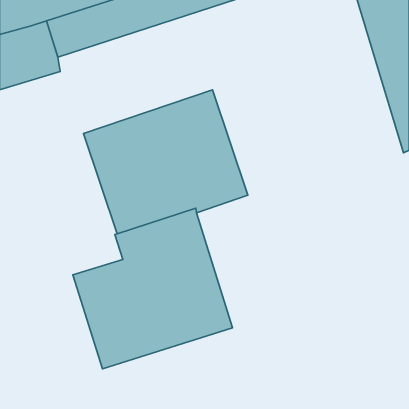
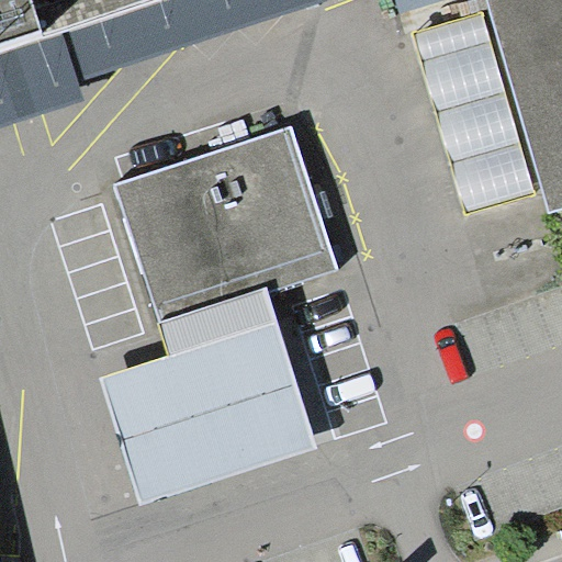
building: none -> [412,10,533,211]

